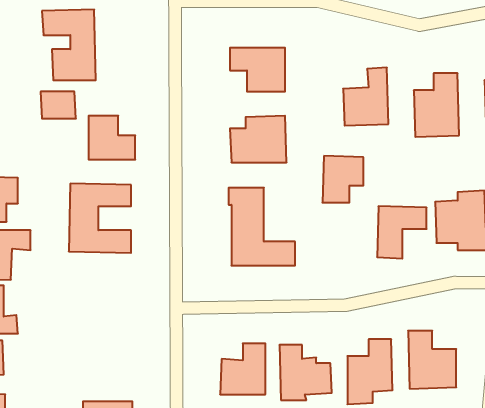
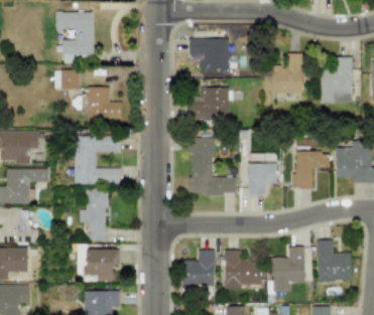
building: [322,156,363,203] -> [248,162,277,195]
building: none -> [80,188,108,240]
building: none -> [78,244,118,281]

